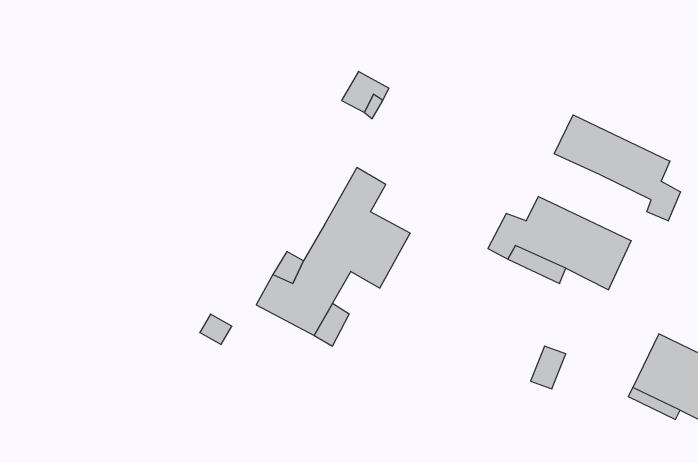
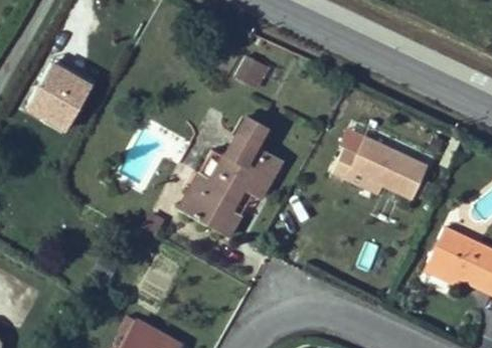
building: none -> [23,61,94,135]
building: [554,115,680,221] -> none

